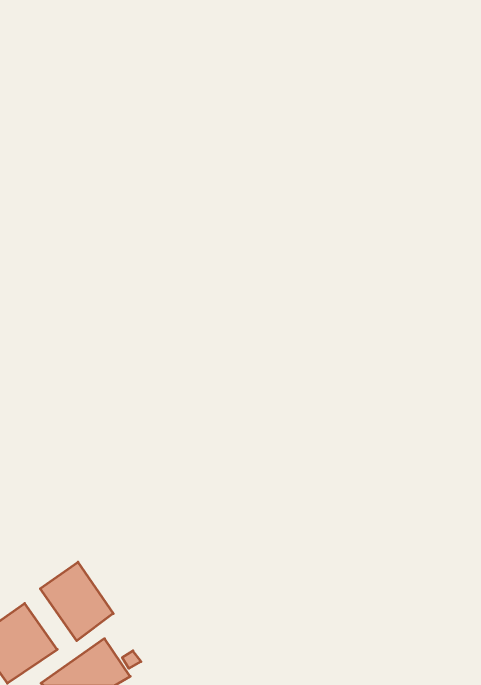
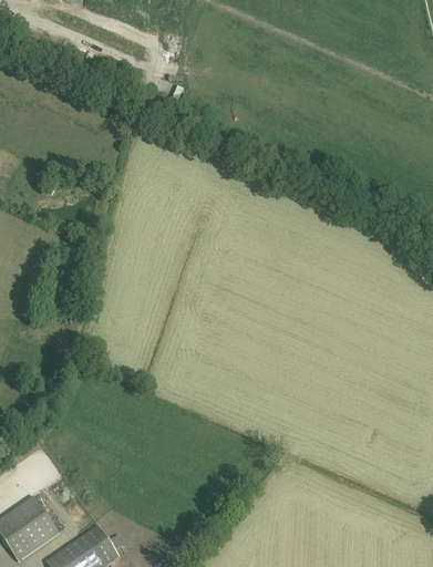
building: [40,562,113,641] -> none

